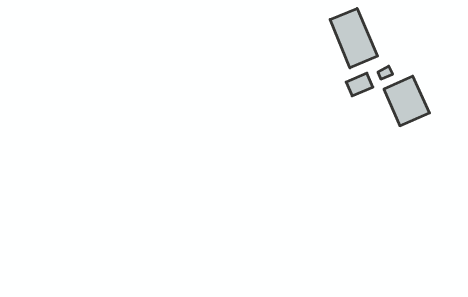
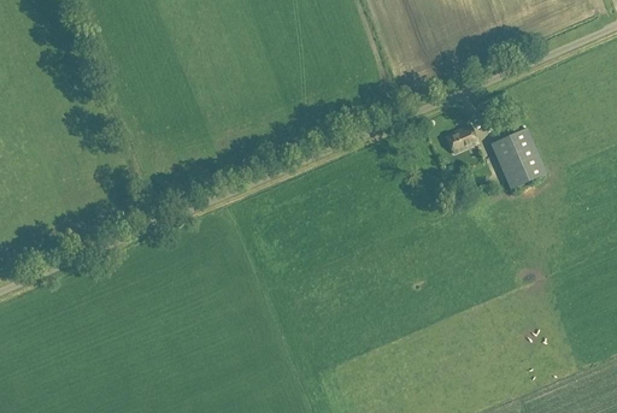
building: [330,8,378,68] -> none

